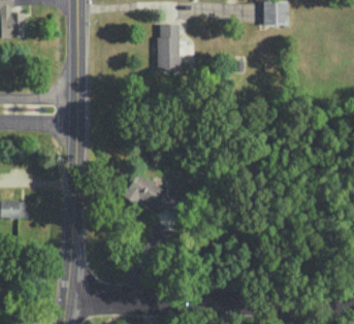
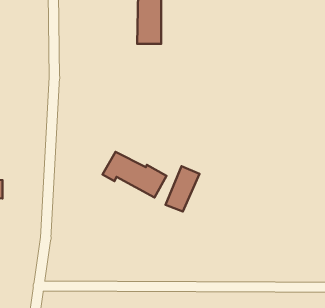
building: none -> [166,166,199,212]

